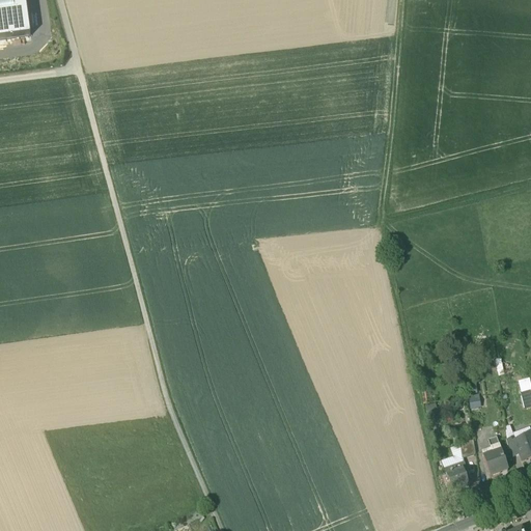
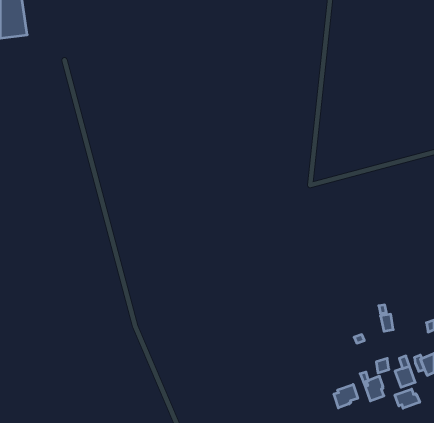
building: none -> [334,384,358,408]
building: none -> [395,389,420,408]

